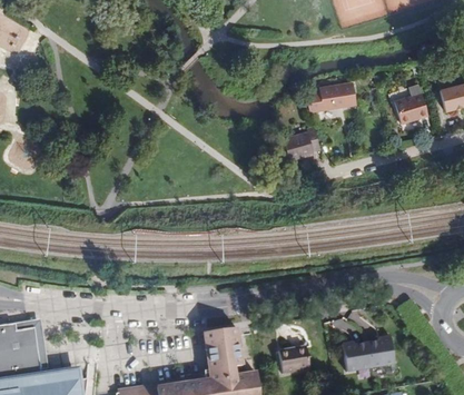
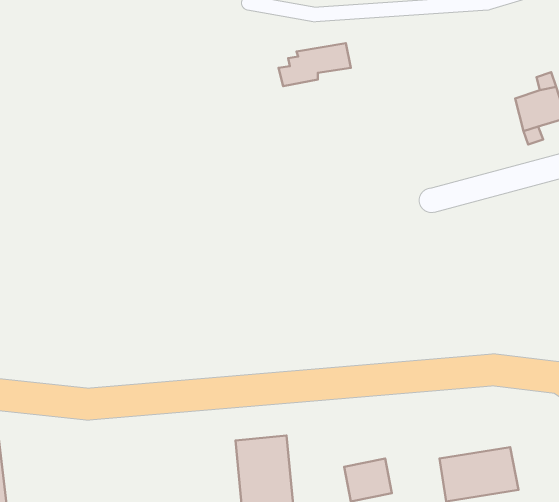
building: [306,82,355,111] -> [278,43,351,86]
building: [282,125,320,160] -> none

